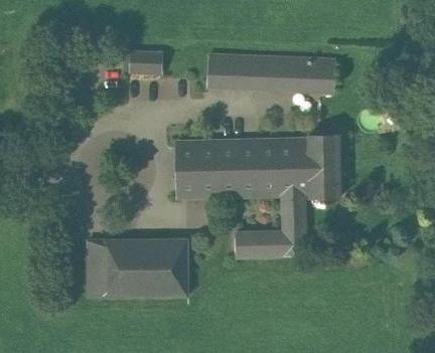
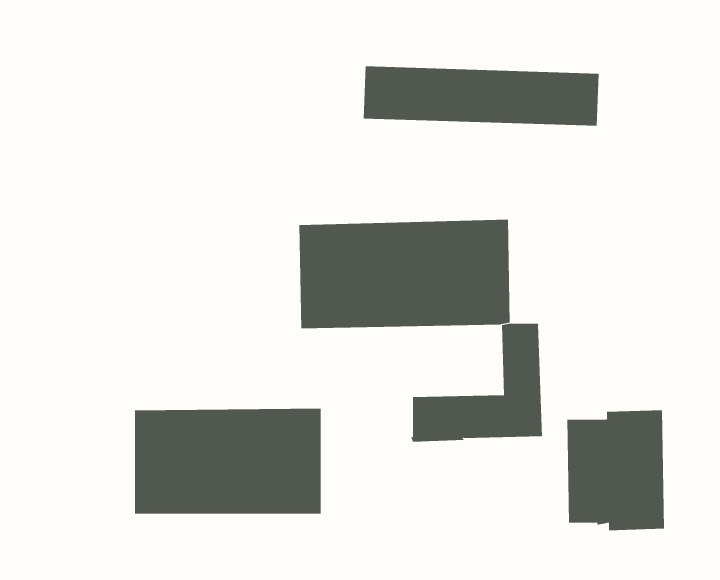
building: [133,49,166,69] -> none
building: [291,131,343,195] -> [566,410,665,531]

